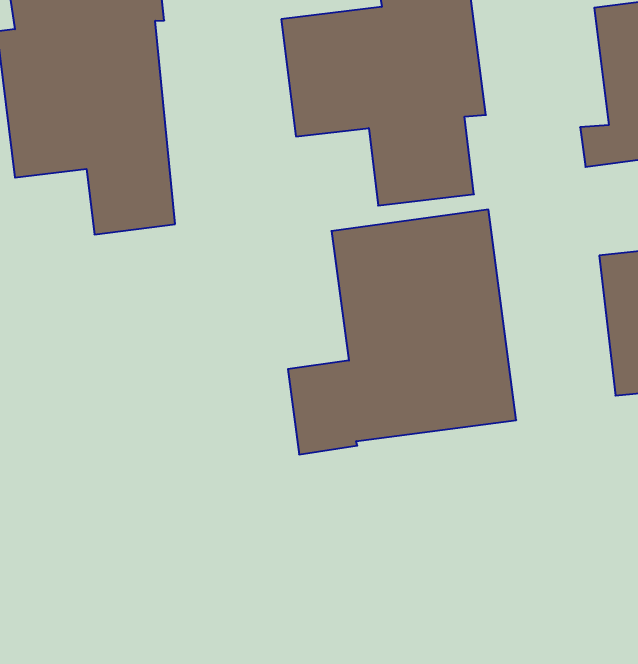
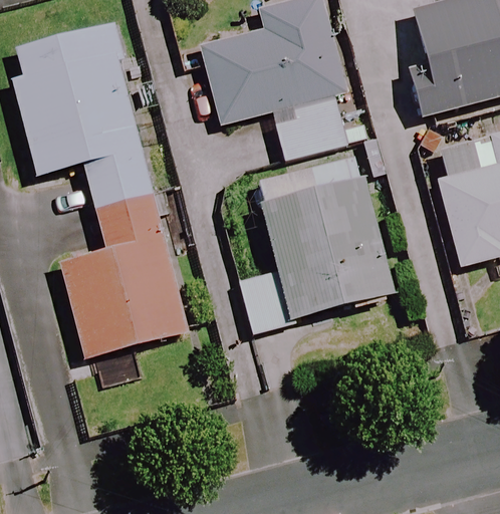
building: none -> [60,191,188,356]

